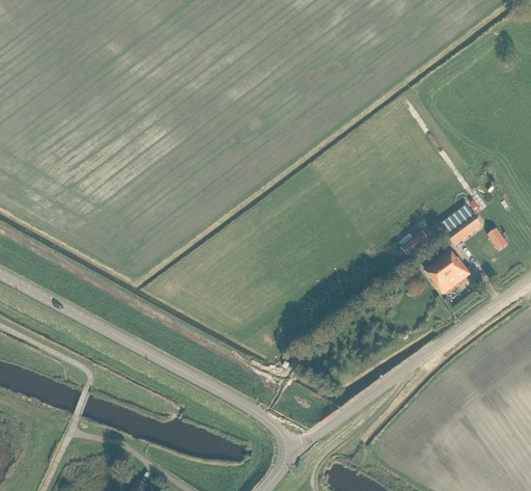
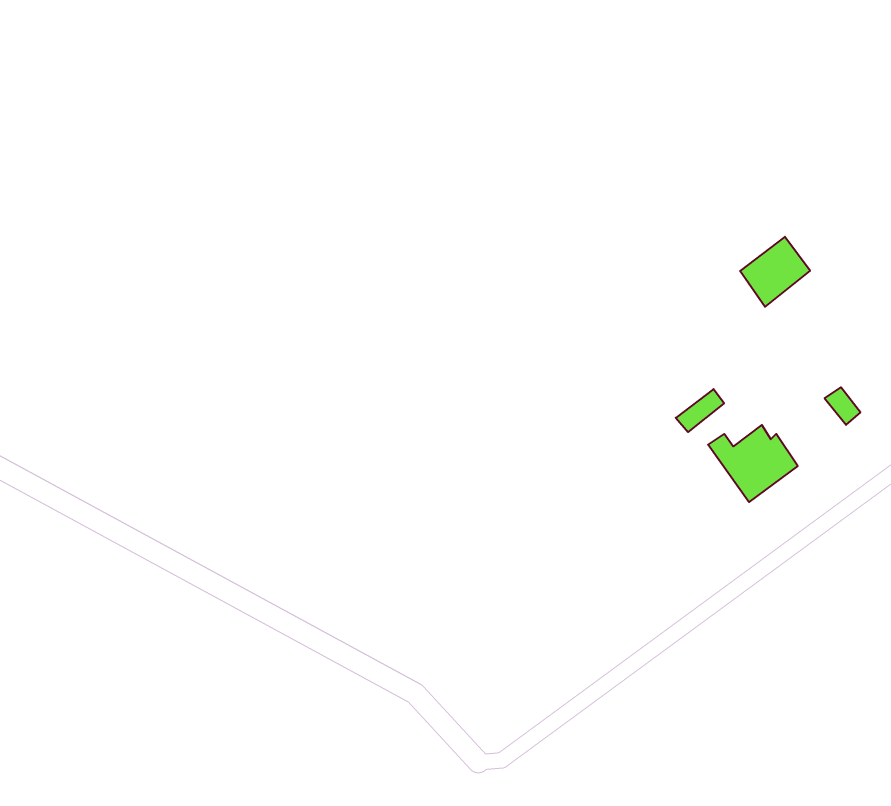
building: [440,204,480,245] -> [740,237,810,307]

